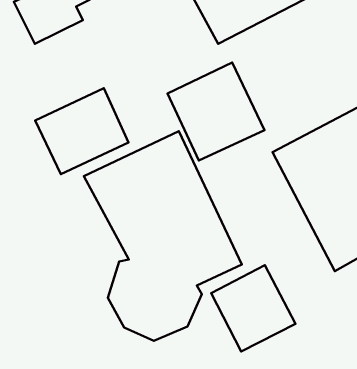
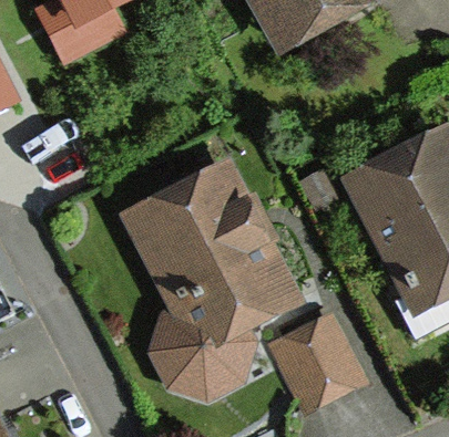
building: [167,63,264,160] -> none
building: [35,88,128,174] -> none

